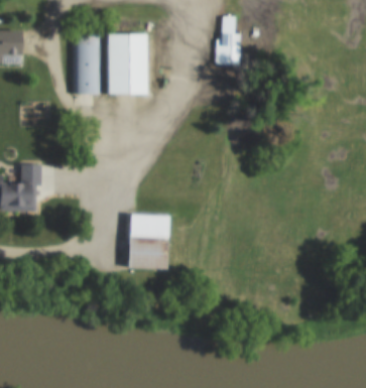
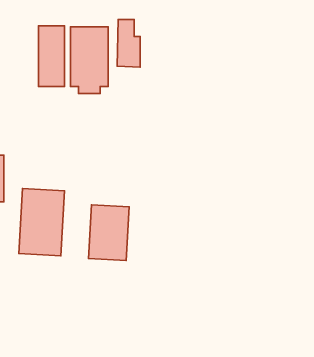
building: [219,16,242,64] -> [117,20,140,67]
building: none -> [19,188,64,256]

